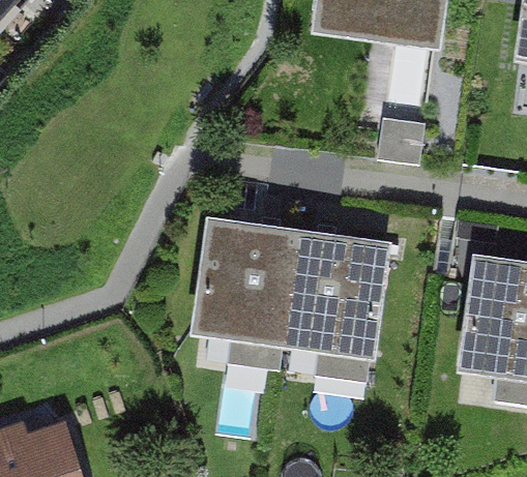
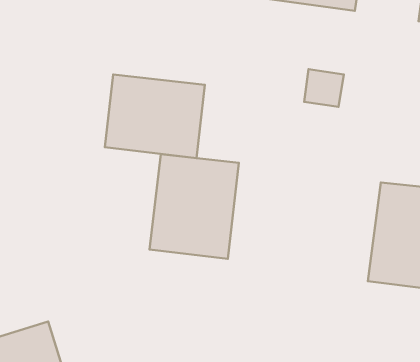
building: none -> [105,74,205,158]
building: [287,232,388,358] -> none

